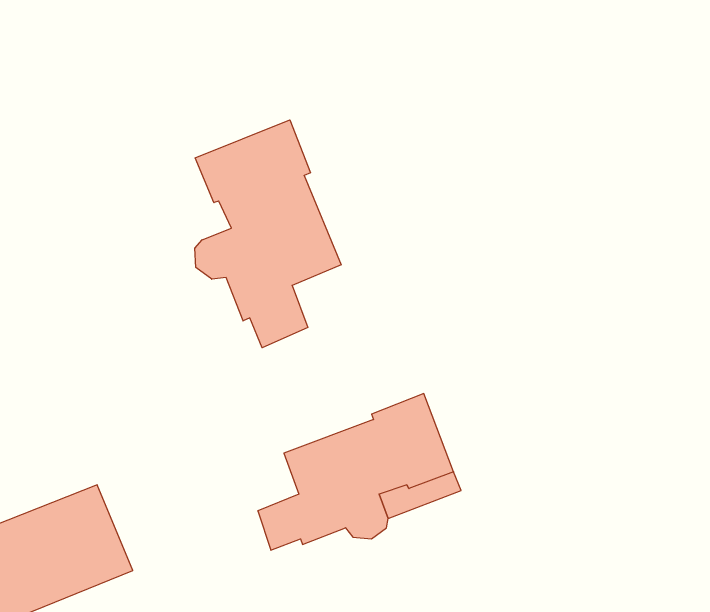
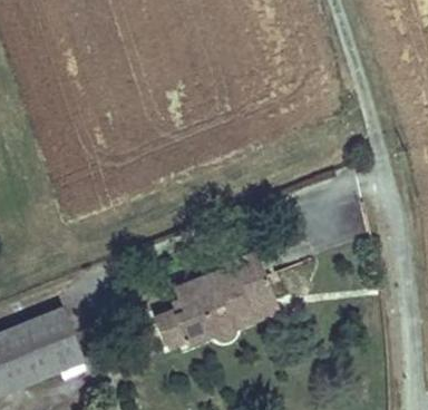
building: [195,120,341,348] -> none

